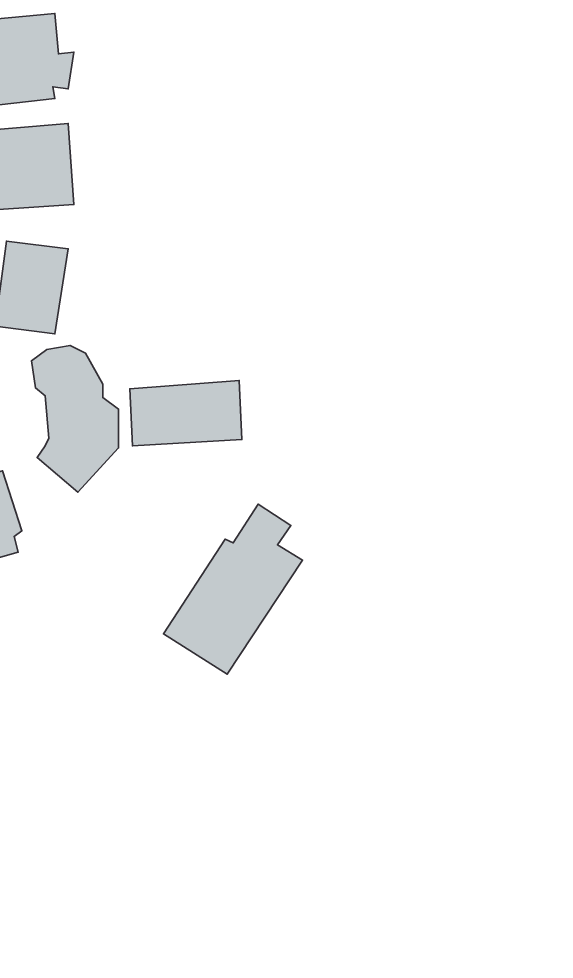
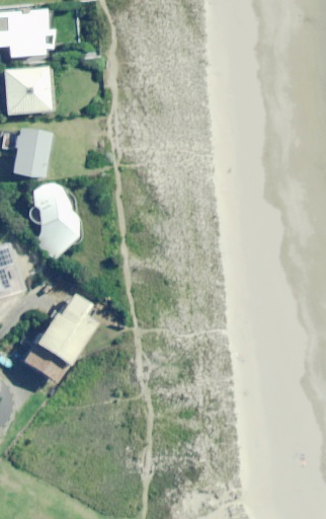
building: [130,380,242,446] -> none
building: [164,504,302,674] -> [23,294,96,383]

